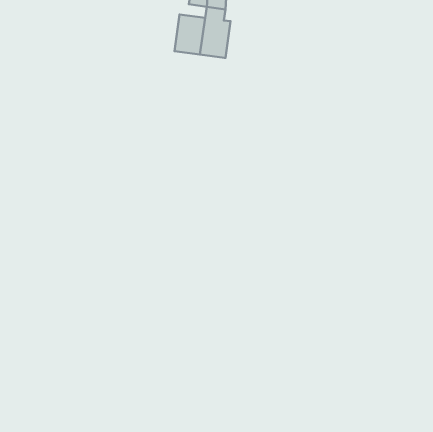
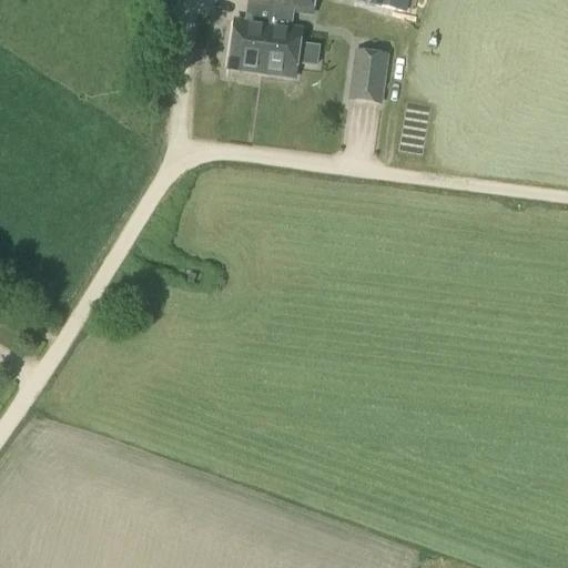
building: none -> [351,49,388,101]

